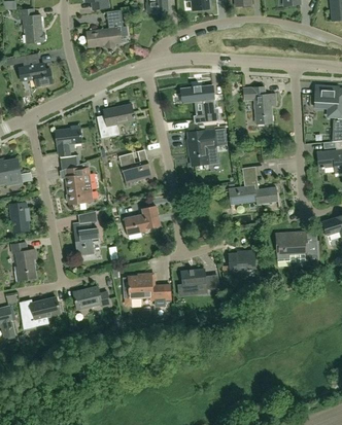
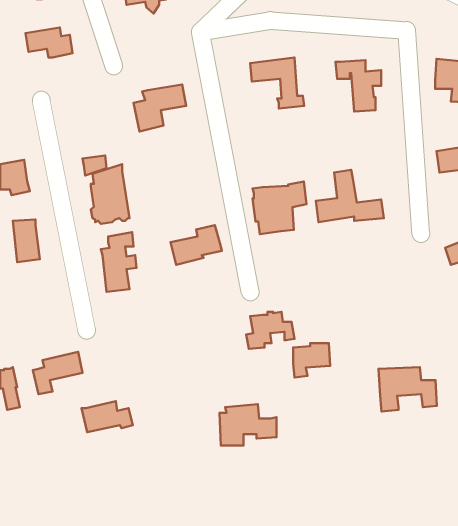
building: [187,127,227,165] -> [253,182,307,234]
building: [56,128,82,154] -> none
building: [119,151,152,185] -> none
building: [276,233,318,264] -> [379,367,437,411]
building: [10,241,36,280] -> none
building: [229,251,255,276] -> [293,343,330,377]
building: [124,275,165,305] -> [219,404,276,446]
building: [73,286,110,309] -> [82,401,133,432]

